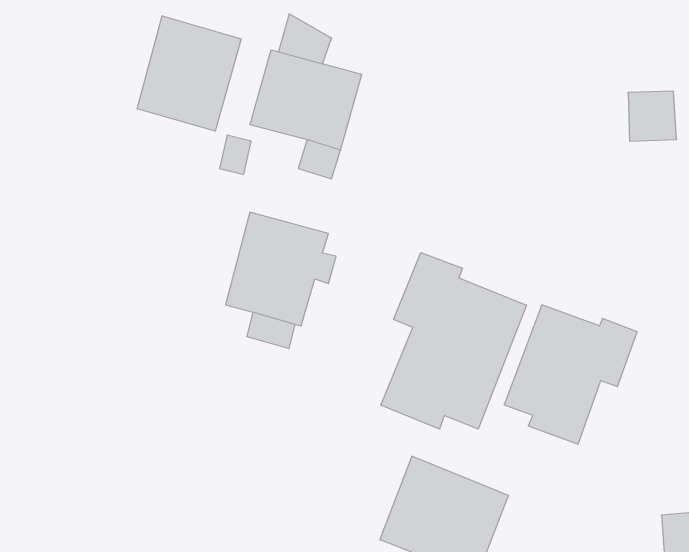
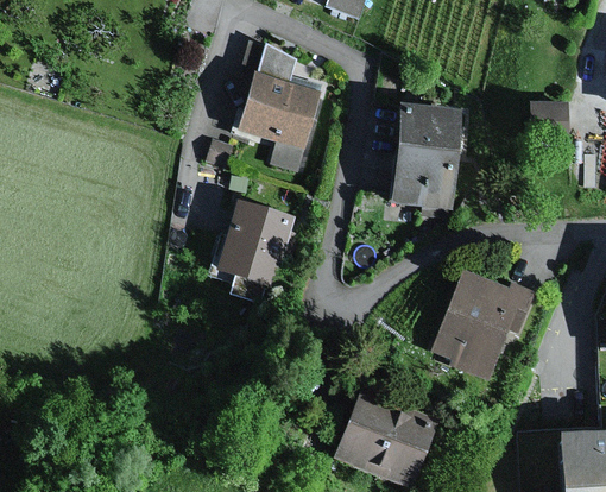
building: [137,16,241,131] -> none
building: none -> [385,105,461,220]
building: [381,253,527,429] -> none

